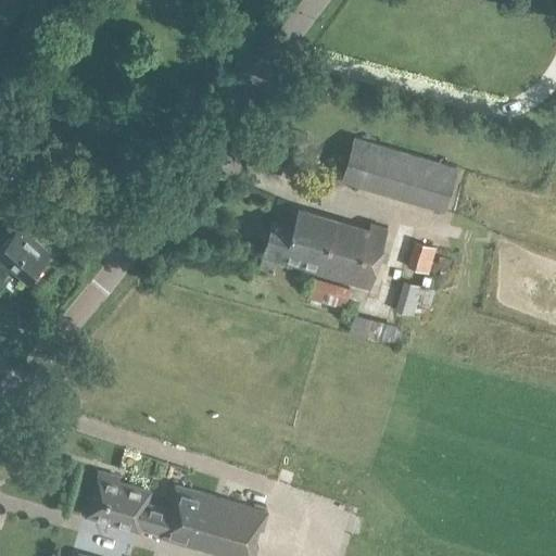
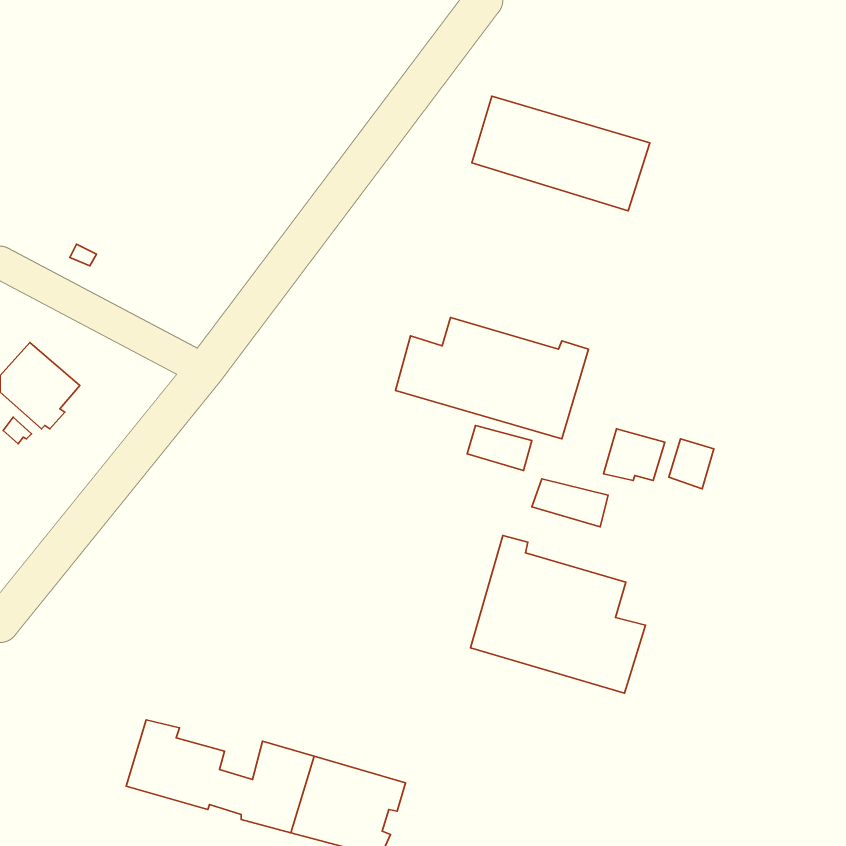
building: [340,138,456,213] -> [472,96,650,211]
building: [408,242,438,275] -> [669,439,714,489]
building: none -> [470,536,645,693]

